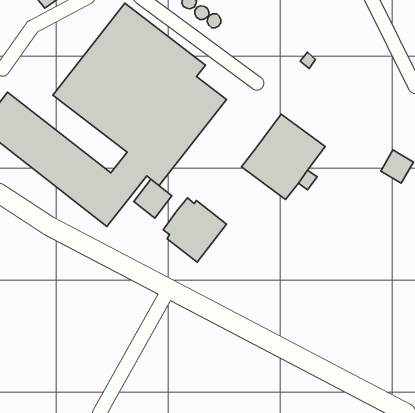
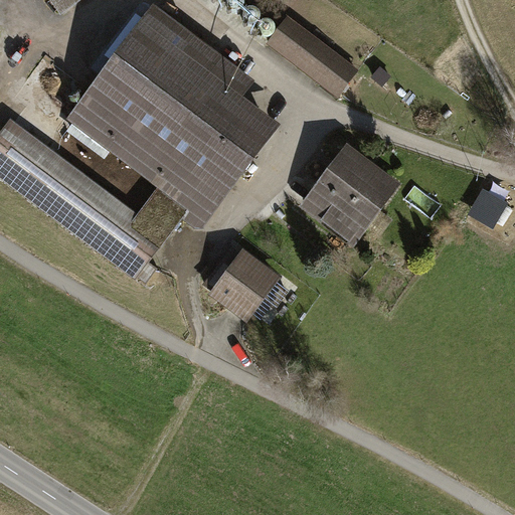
building: none -> [265,15,358,97]
building: [134,179,172,218] -> none

